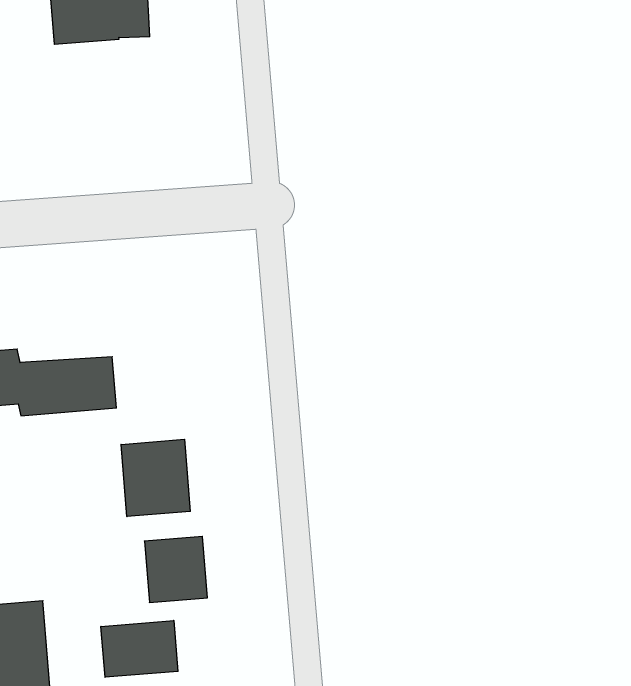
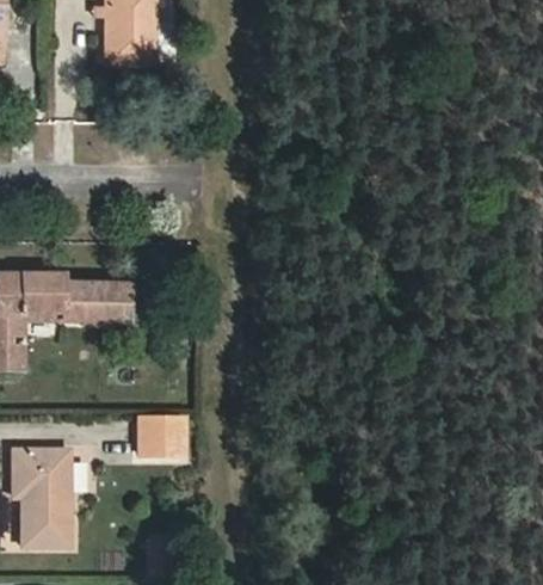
building: [121,439,190,517] -> none
building: [101,620,178,677] -> none

